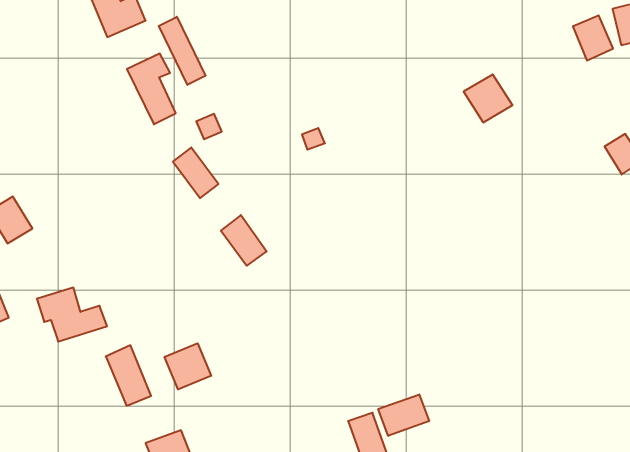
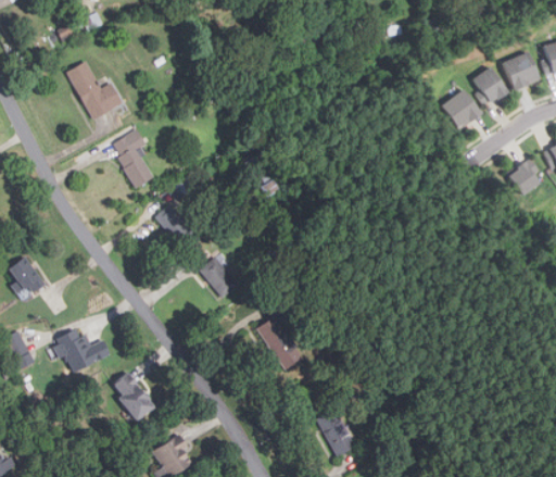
building: [159,17,206,85] -> none
building: [464,74,513,122] -> [442,88,483,128]
building: none -> [256,315,303,369]
building: [165,343,211,389] -> none
building: [378,394,429,436] -> none

